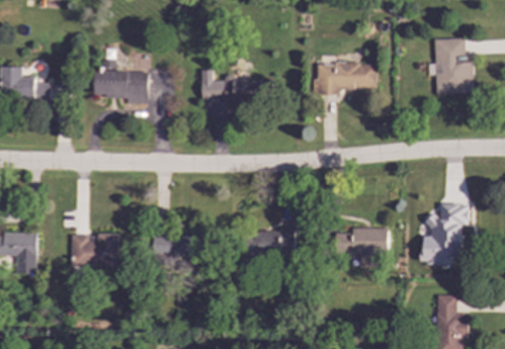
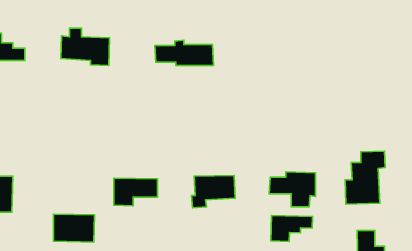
building: [434,37,473,93] -> none
building: [313,63,376,94] -> none
building: [71,234,118,266] -> [54,214,95,242]
building: none -> [271,215,313,241]

